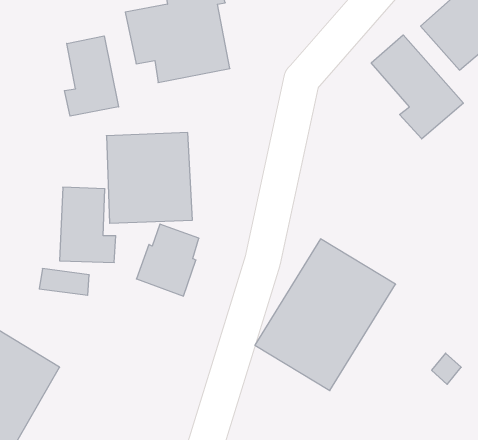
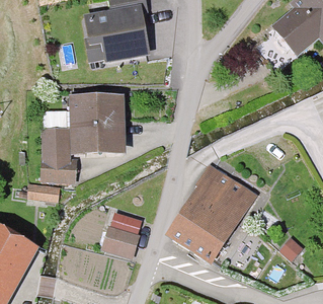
building: [371,35,463,139] -> none
building: [64,36,119,116] -> none
building: [136,224,199,296] -> [100,211,141,257]

